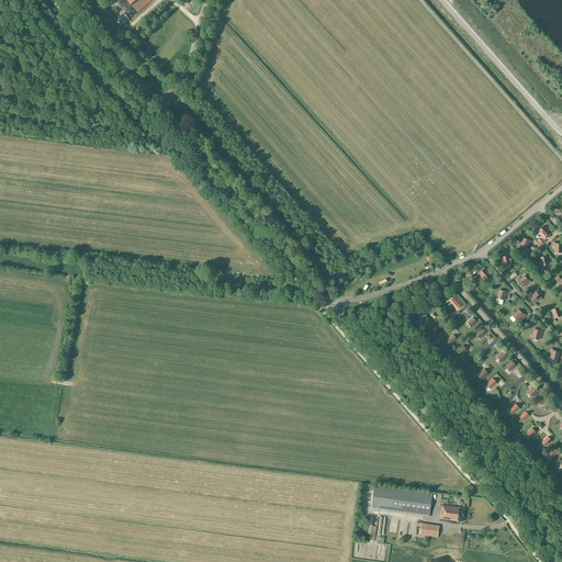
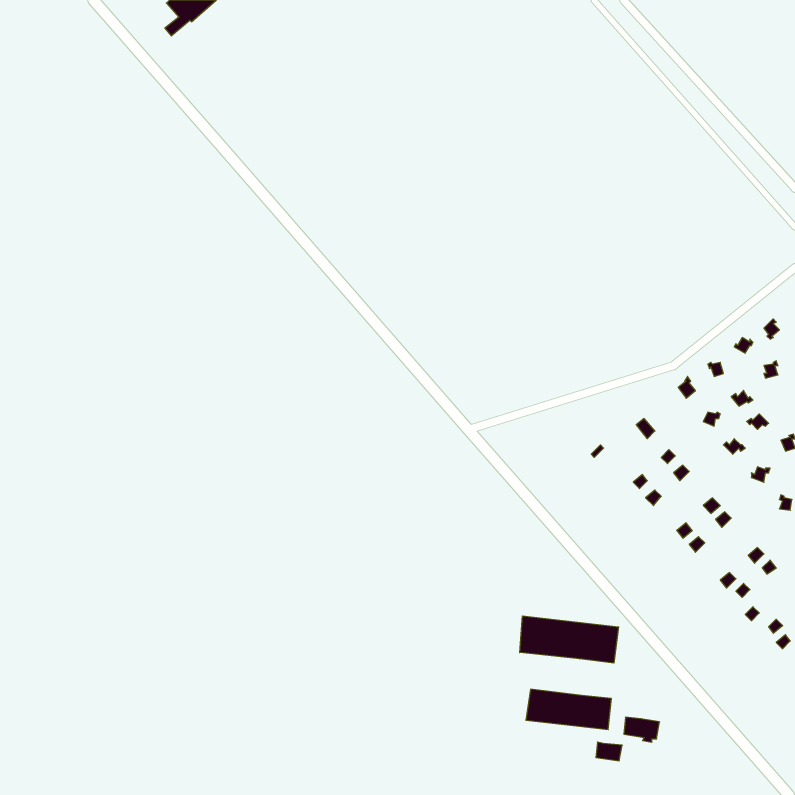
building: none -> [520,616,619,663]

